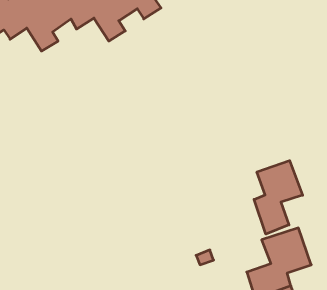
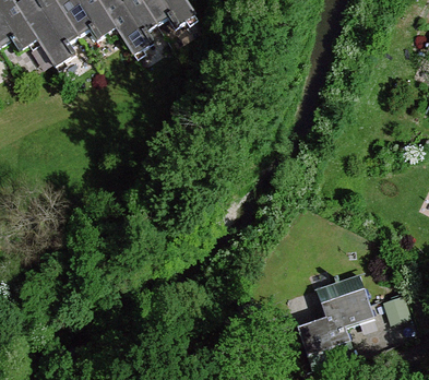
building: [254,161,303,234] -> none

